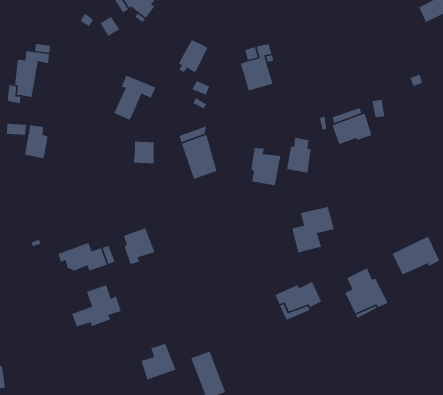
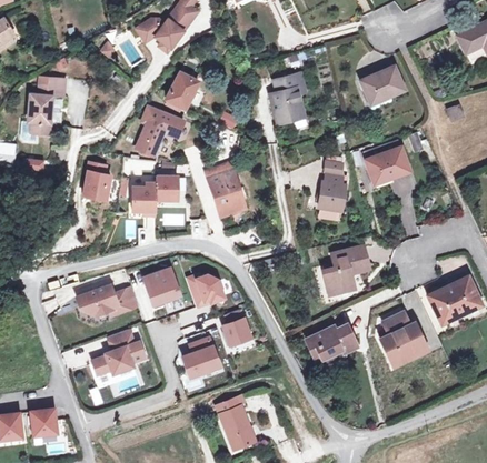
building: none -> [360,67,404,101]
building: [178,39,208,73] -> [166,72,198,108]
building: [24,125,48,159] -> [85,163,110,200]
building: [251,147,281,186] -> none
building: none -> [133,183,158,215]
building: none -> [187,270,228,310]
building: none -> [221,309,251,345]
building: [141,343,176,381] -> [182,336,220,376]
building: none -> [29,410,56,439]

